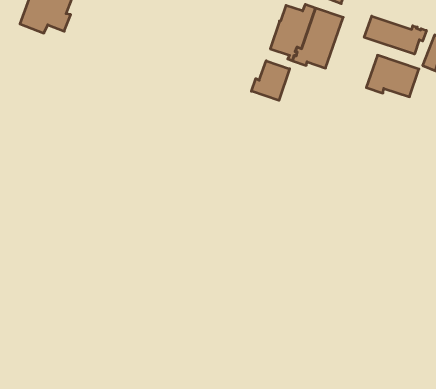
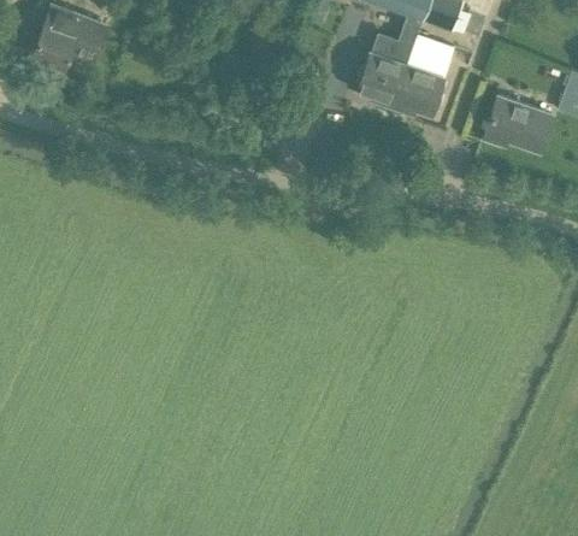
building: [364,16,426,54] -> none
building: [251,61,290,100] -> none

